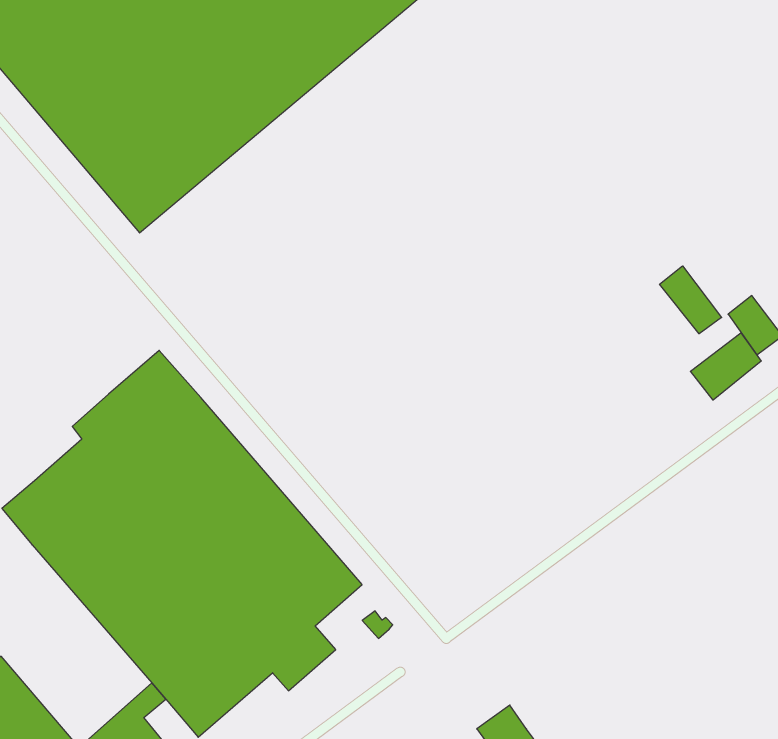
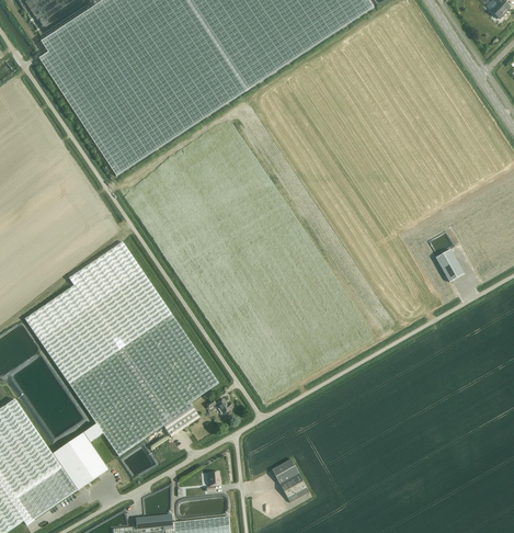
building: [660,266,722,334] -> none
building: [690,333,761,400] -> none

